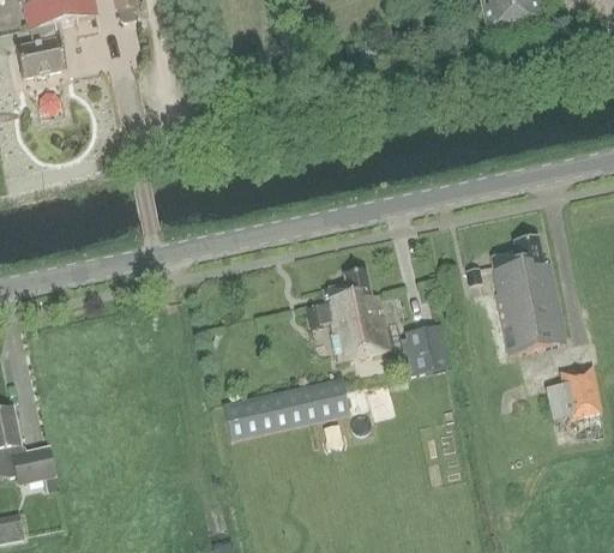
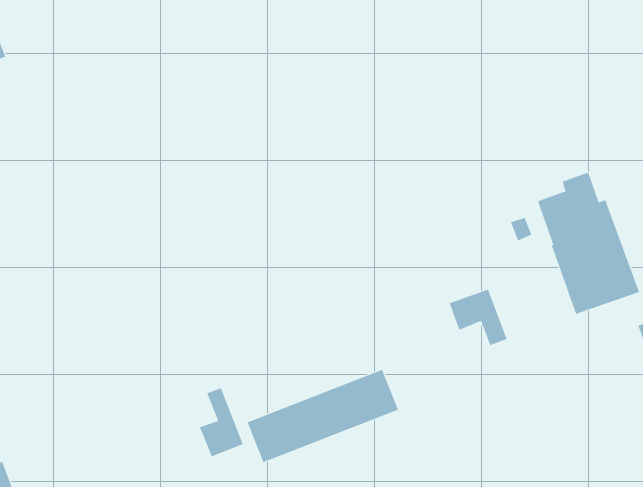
building: [307,269,390,360] -> none
building: none -> [199,387,243,457]

